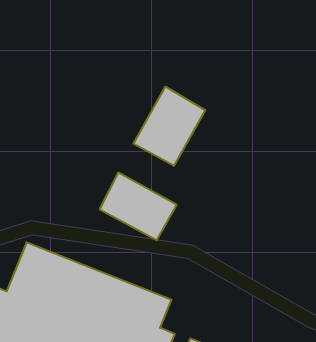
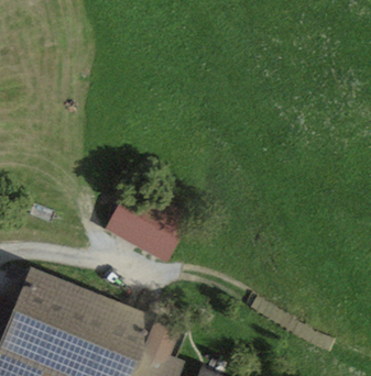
building: [134,87,205,166] -> none

